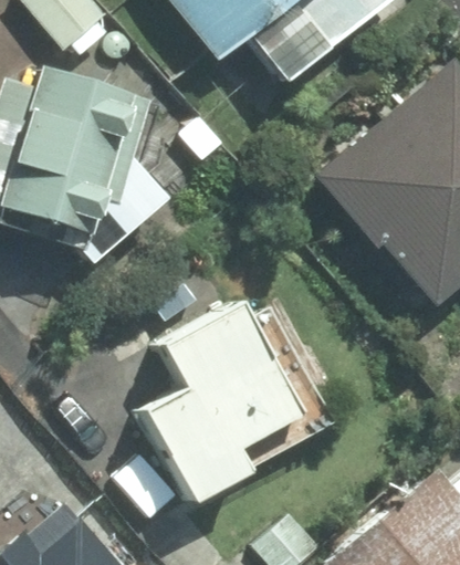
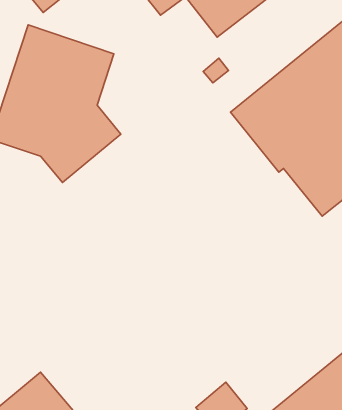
building: [138,305,295,506] -> none

